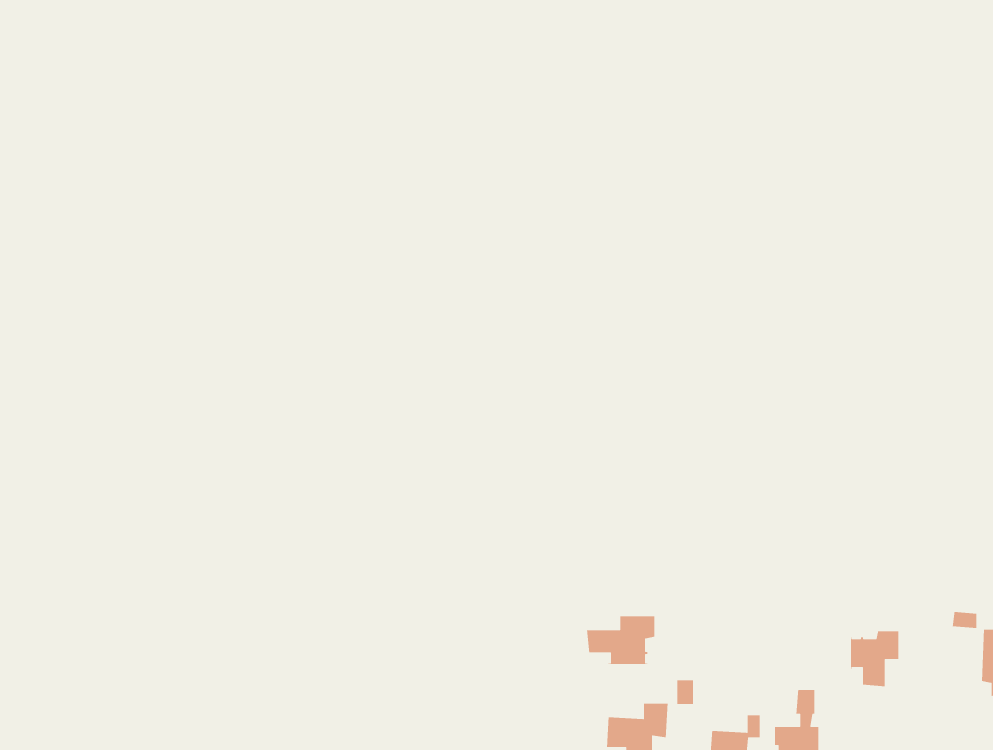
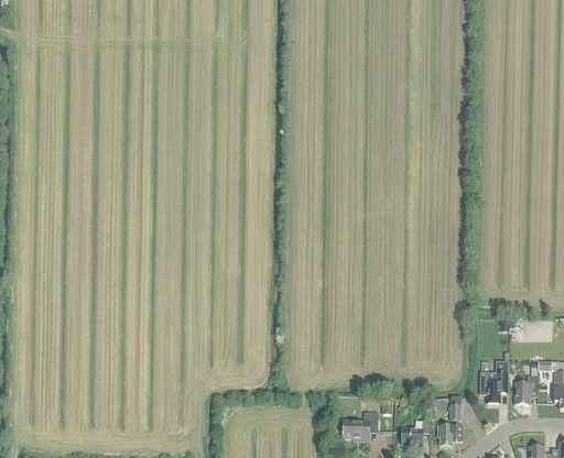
building: [586,616,655,665] -> none
building: none -> [514,374,536,403]

